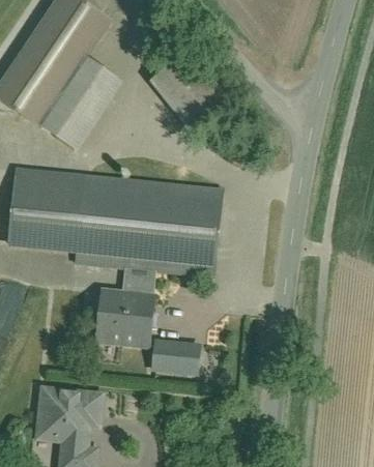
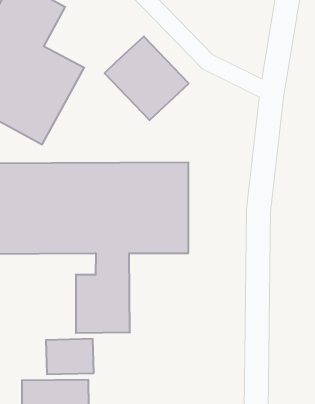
building: [152,338,201,375] -> [46,339,94,374]

